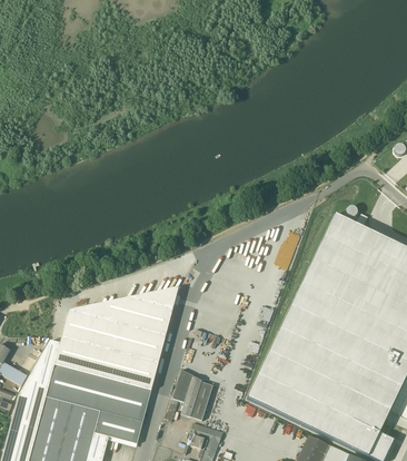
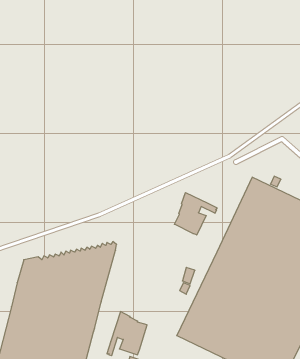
building: none -> [174,193,217,235]

